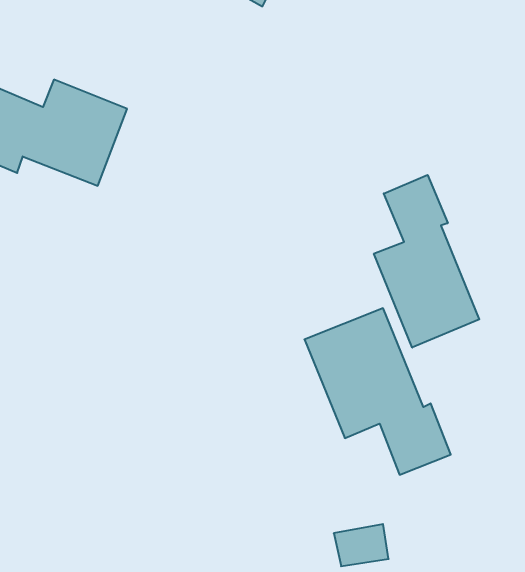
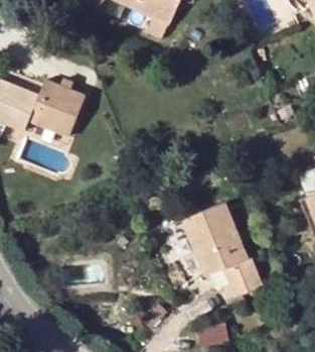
building: [374,175,479,348] -> none

